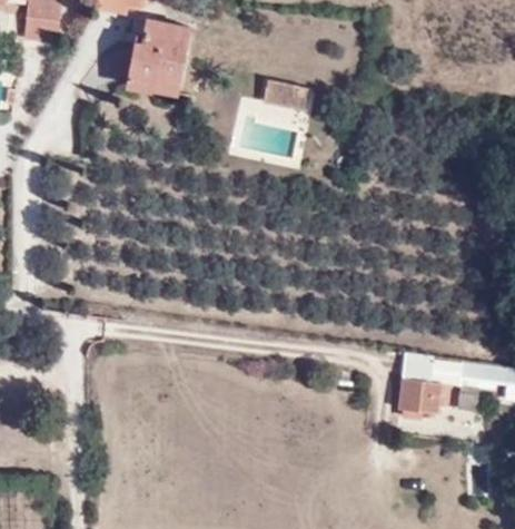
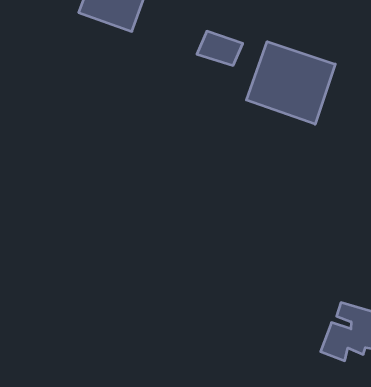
building: none -> [246,42,335,124]
building: [395,357,442,414] -> none

